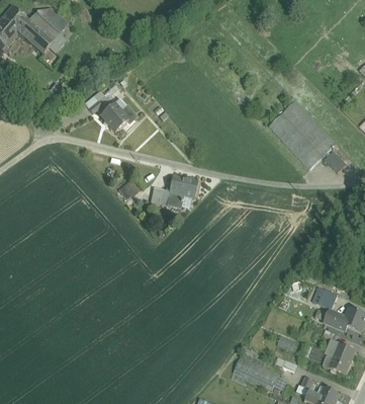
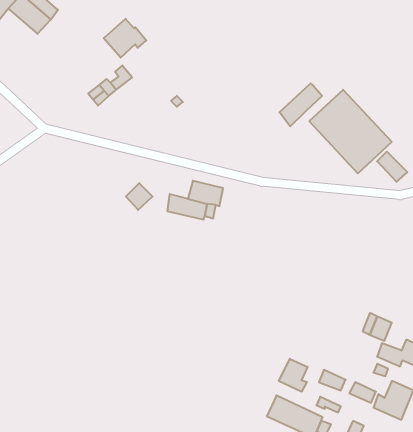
building: none -> [279,83,322,126]
building: [101,98,136,131] -> [104,19,146,58]
building: none -> [279,359,308,392]

